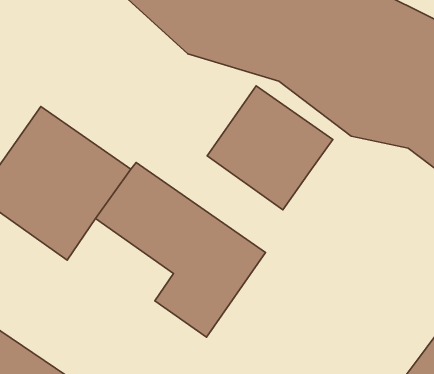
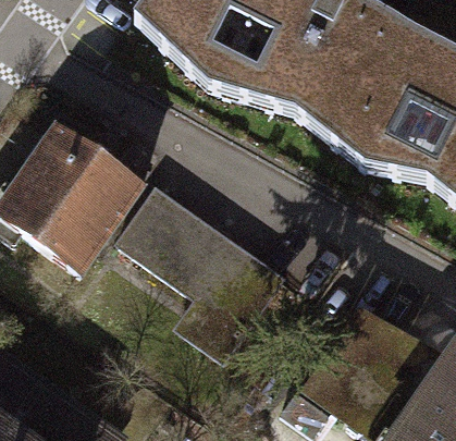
building: [207,86,333,210] -> none

